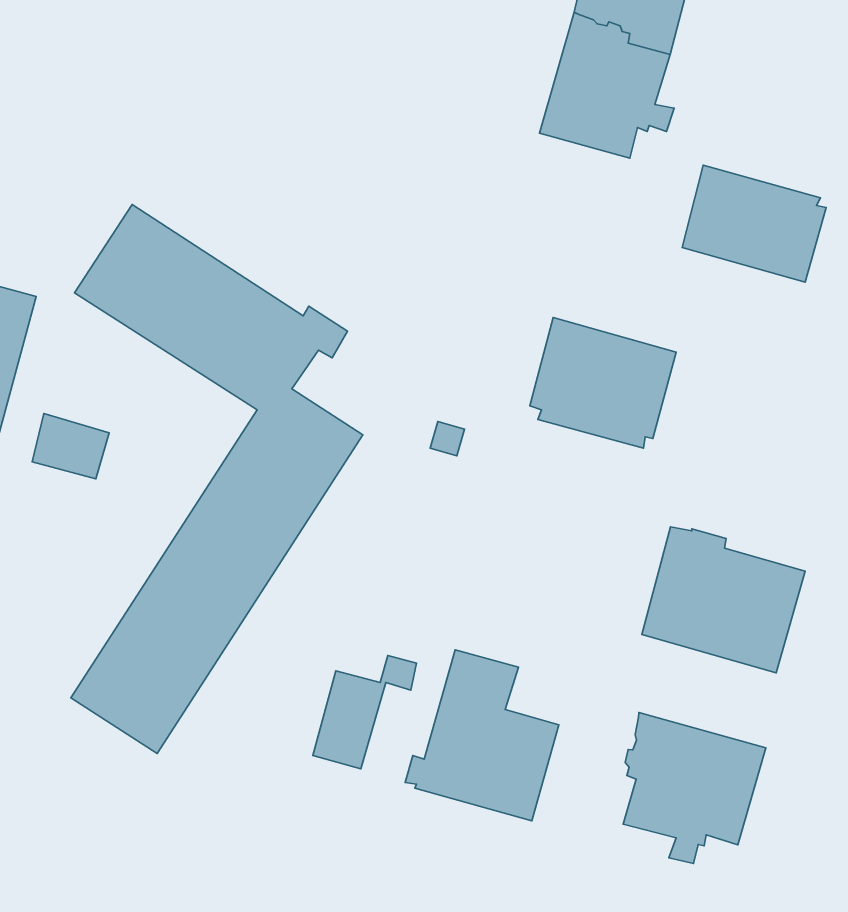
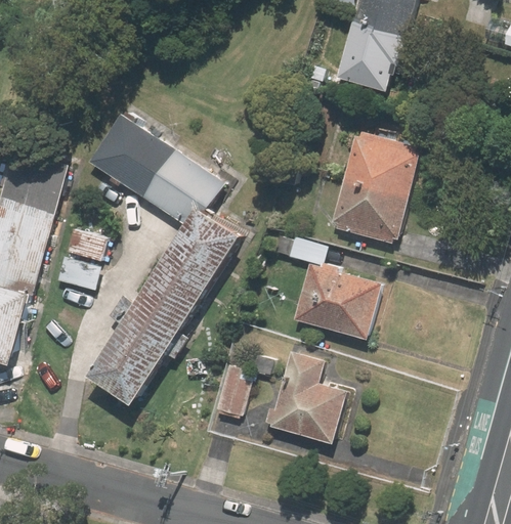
building: [682,165,826,282] -> [343,130,420,192]
building: [642,527,805,673] -> [294,261,381,339]
building: [623,712,766,863] -> none

